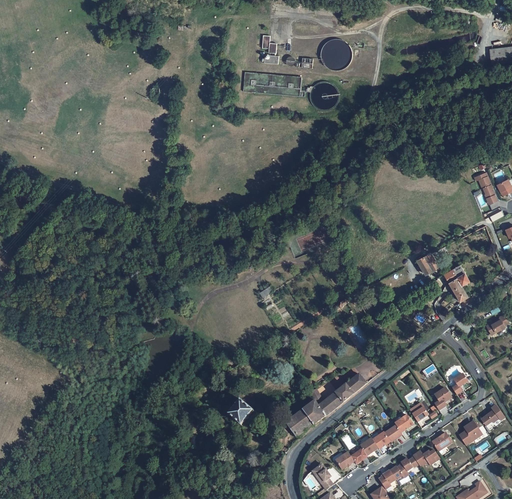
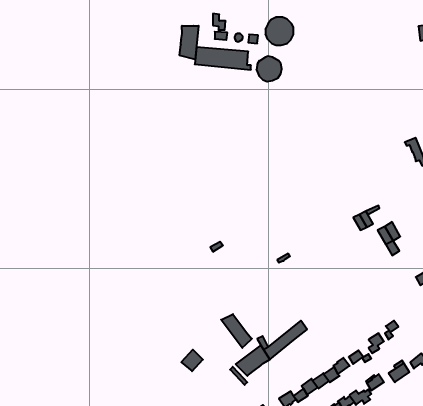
building: none -> [180,26,199,59]
building: none -> [221,314,252,348]

